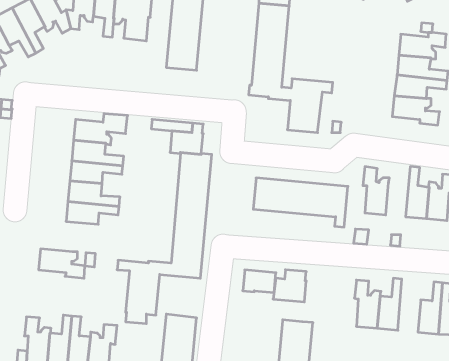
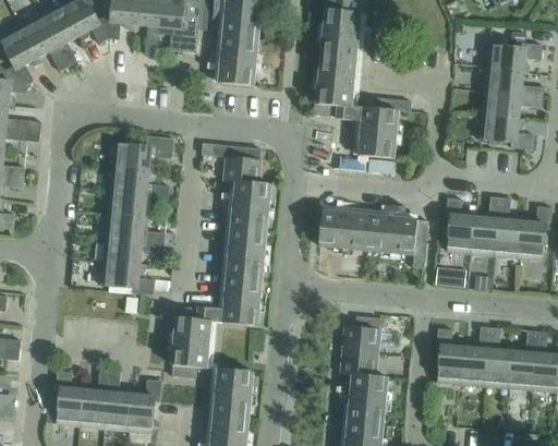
building: none -> [471,195,499,254]
building: [39,249,85,278] -> [100,260,154,293]
building: [243,270,276,293] -> [339,349,377,375]
building: none -> [485,326,511,387]

